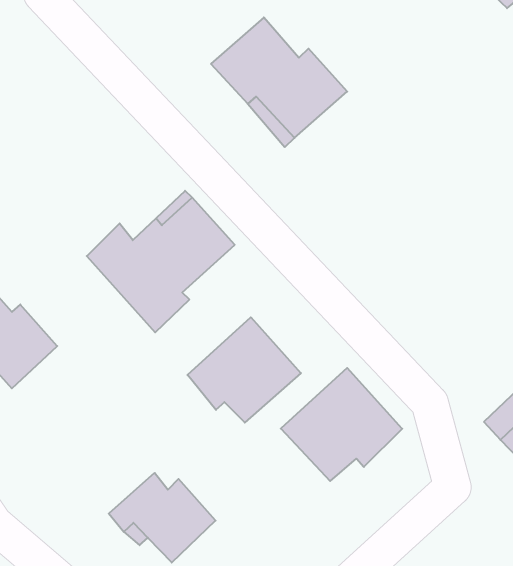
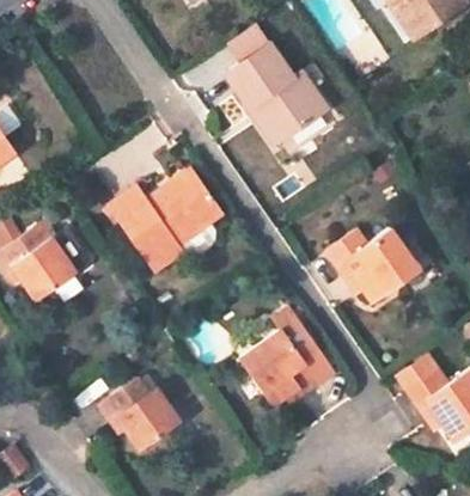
building: none -> [328,228,421,301]
building: [187,317,301,423] -> none

